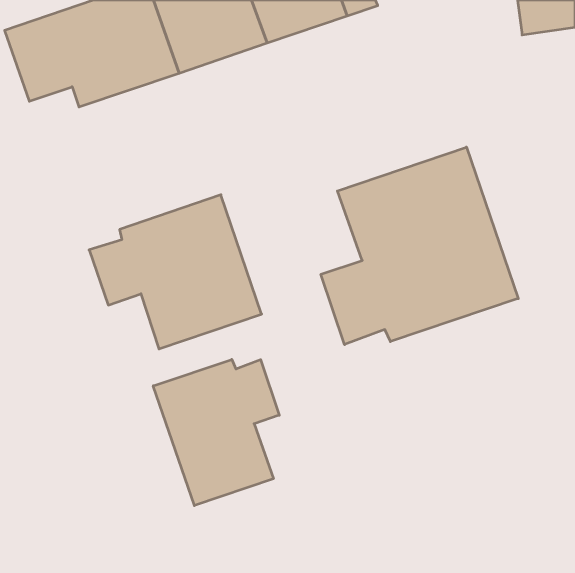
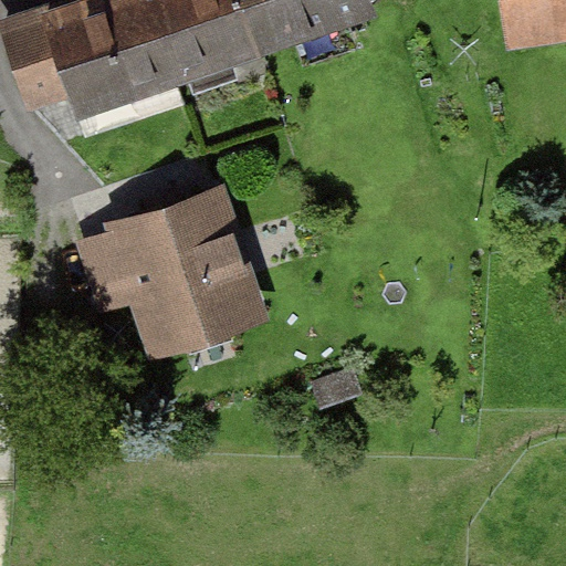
building: [321,147,518,345] -> none
building: [153,359,279,506] -> none

